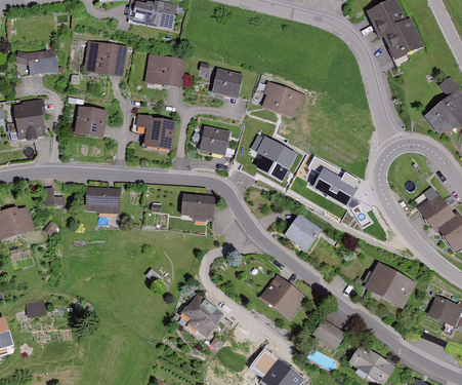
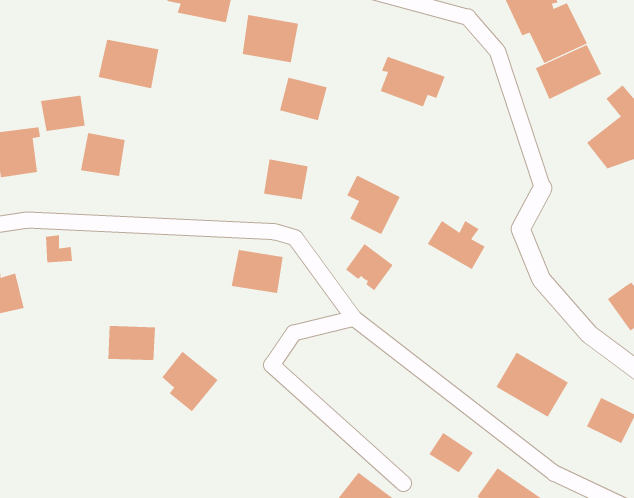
building: none -> [535,44,602,100]
building: [25,49,56,75] -> [40,95,85,132]
building: [145,53,185,87] -> [242,15,299,63]
building: [260,82,306,118] -> [380,56,446,107]
building: [134,115,173,150] -> none
building: [84,186,118,210] -> [107,326,156,361]
building: [420,194,454,229] -> none
building: [287,214,321,247] -> [345,243,393,291]
building: [260,274,307,318] -> none
building: [183,293,223,336] -> [162,351,219,412]

